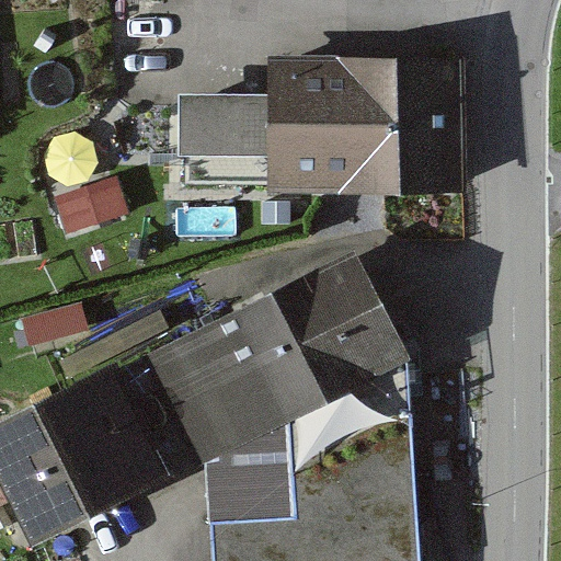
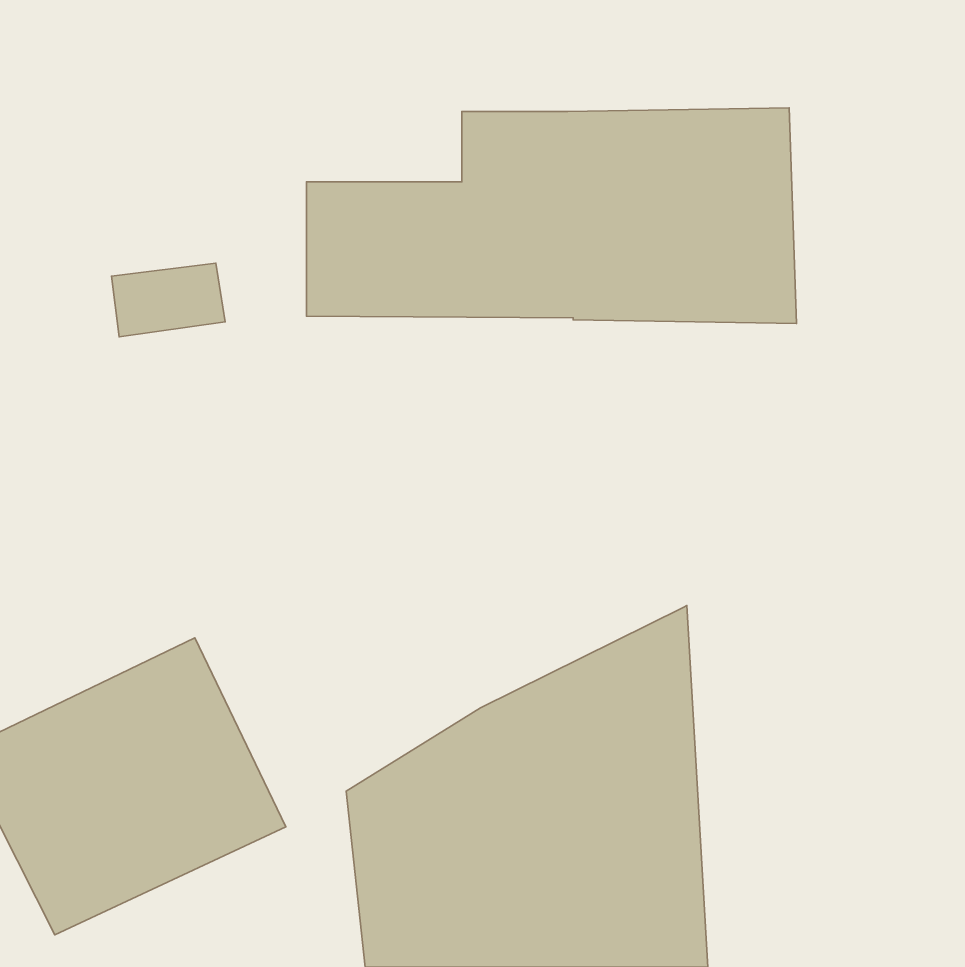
building: [153,255,403,458] -> none

